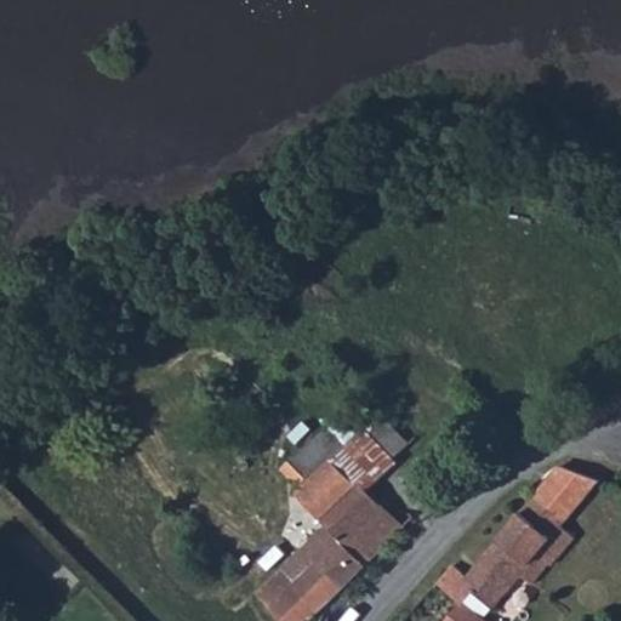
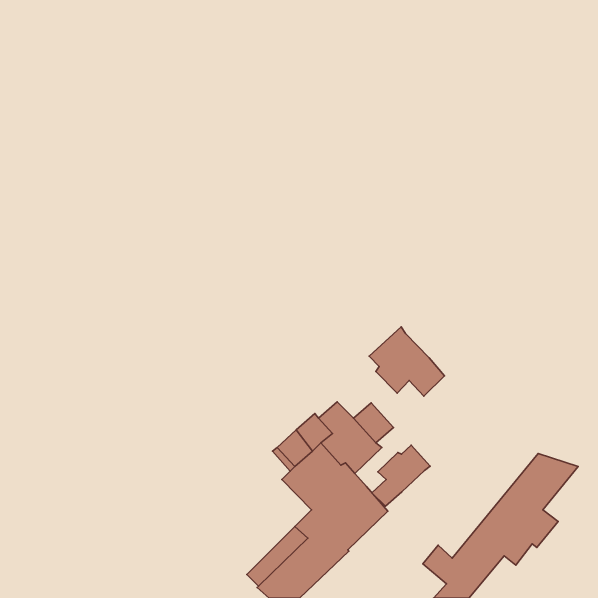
building: none -> [369,327,445,396]
building: none -> [372,445,430,506]

